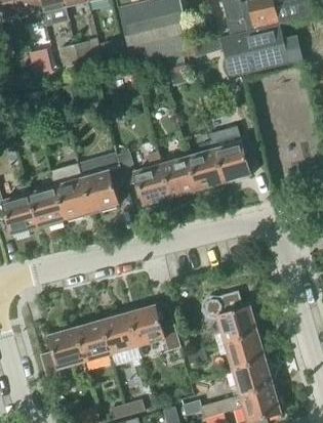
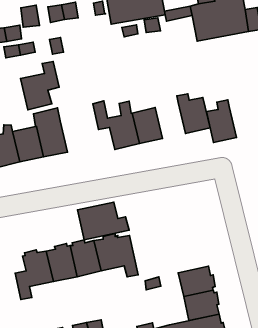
building: [188,141,224,191] -> [206,100,237,143]
building: [81,156,125,212] -> [21,61,59,110]
building: none -> [77,202,129,240]
building: [203,292,258,341] -> none

